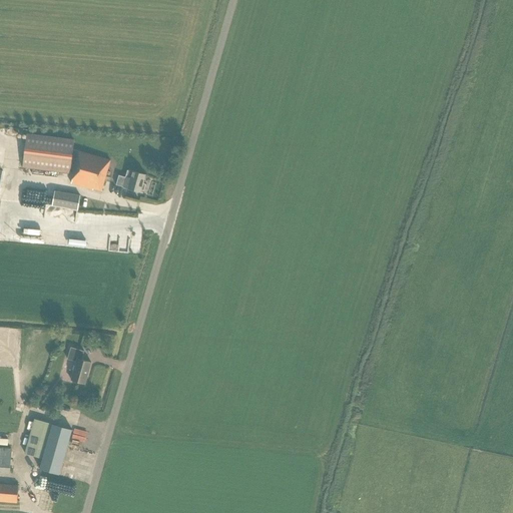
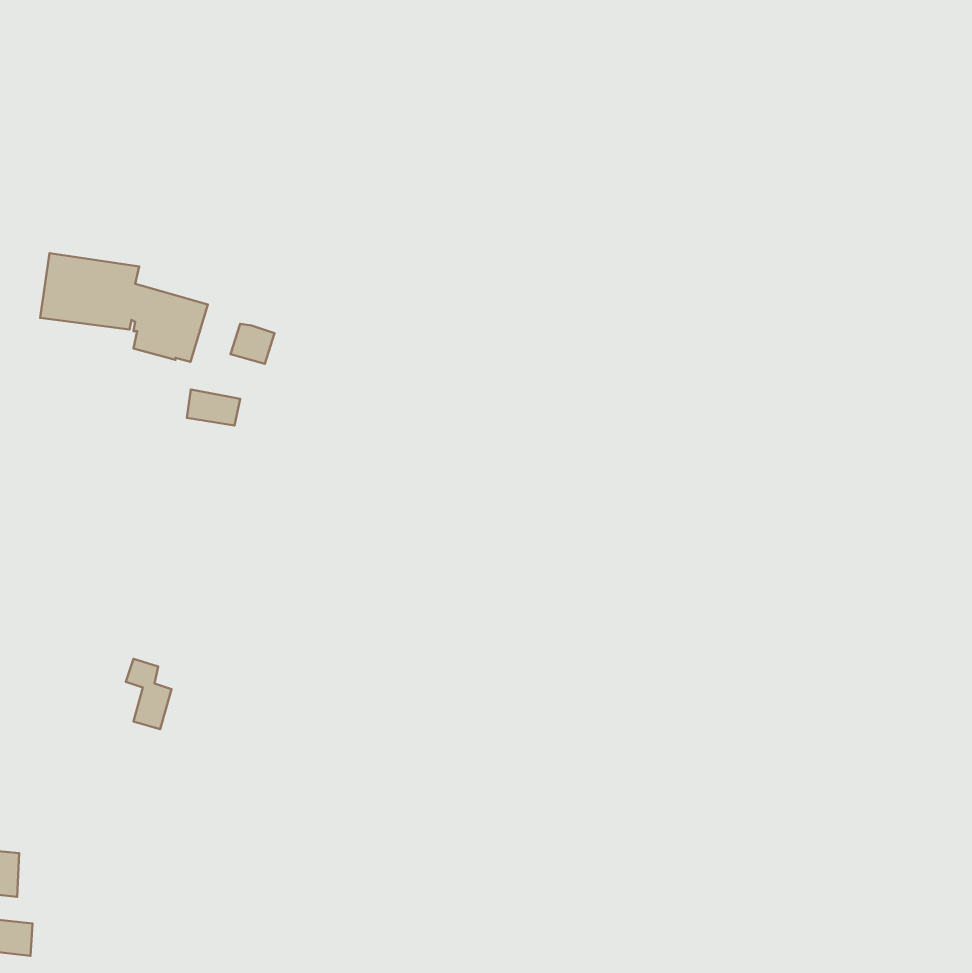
building: [51,190,79,209] -> [187,389,240,426]
building: [24,419,71,475] -> none

